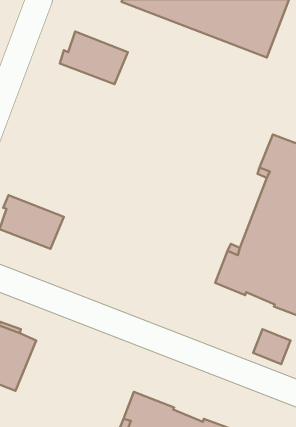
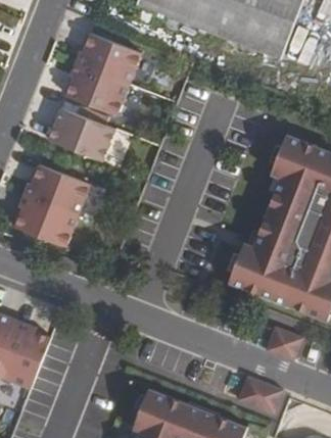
building: none -> [64,63,128,116]
building: none -> [47,107,113,160]
building: none -> [22,163,90,215]
building: none -> [237,376,282,413]

